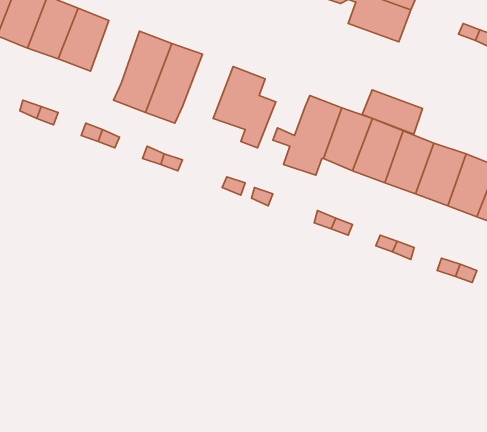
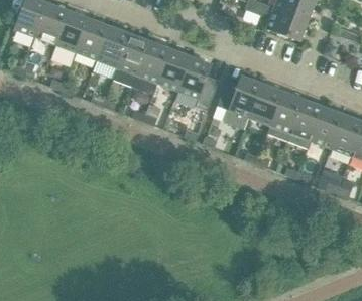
building: none -> [97,25,129,66]
building: none -> [157,47,191,90]
building: [362,90,423,134] -> none

